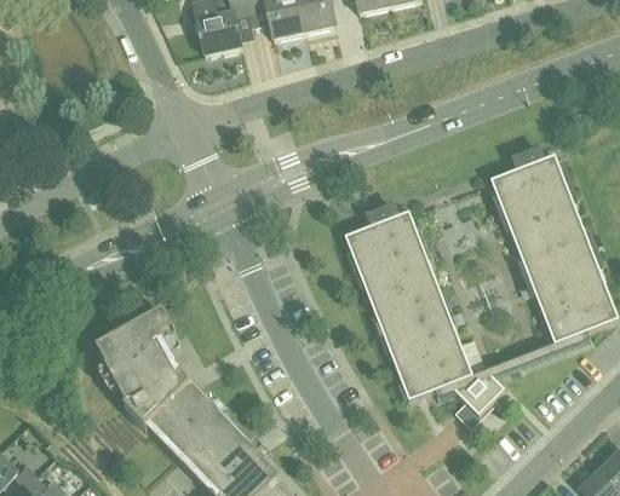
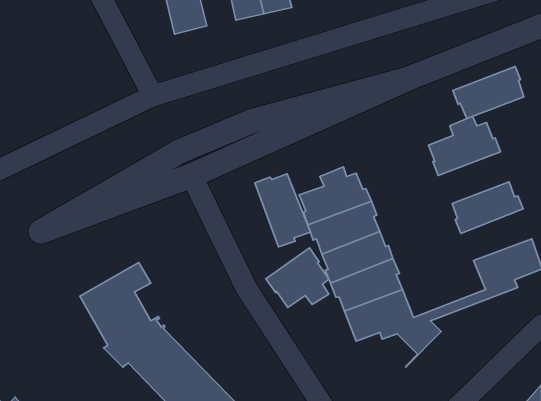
building: [501,188,581,246] -> [453,67,524,118]
building: none -> [255,174,310,247]
building: [527,252,607,310] -> none
building: none -> [266,248,329,307]

